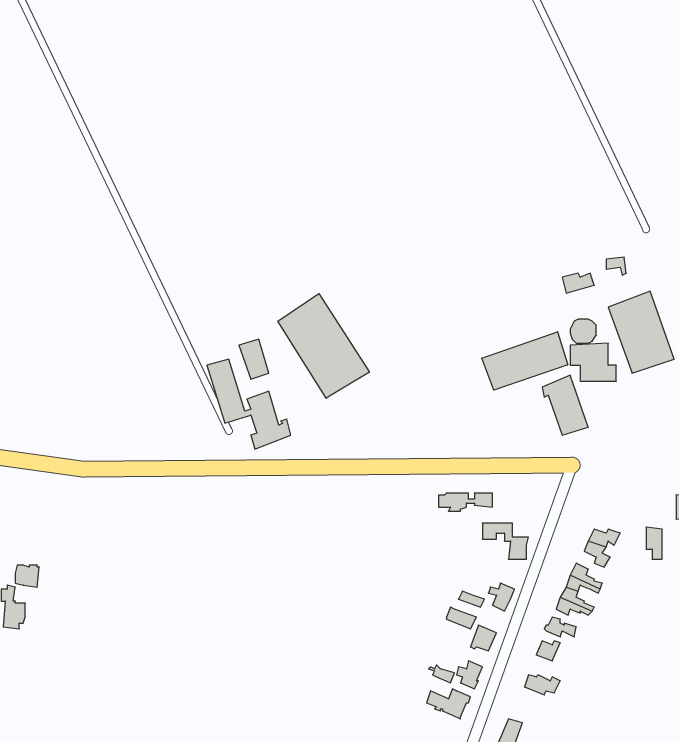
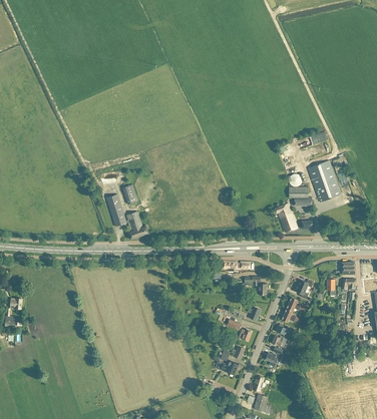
building: [278,294,369,398] -> none
building: [482,332,568,390] -> none

